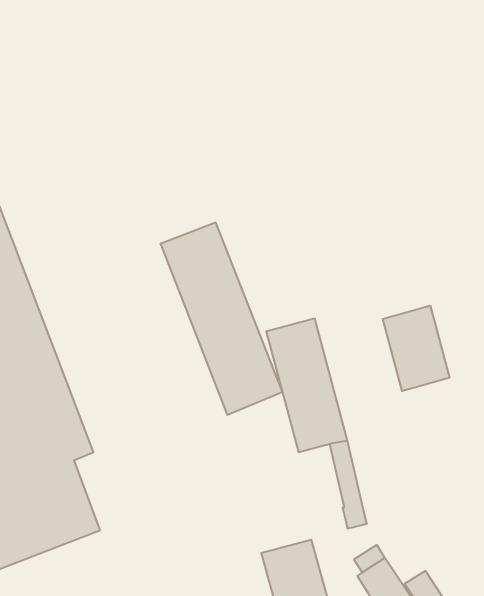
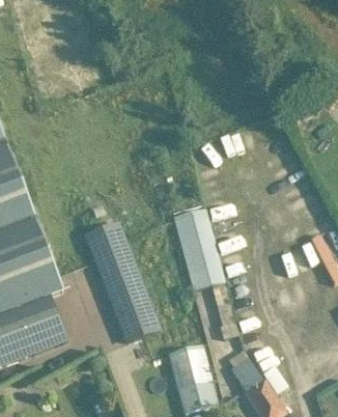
building: [160,223,282,415] -> [84,222,162,344]
building: [383,306,449,391] -> none

